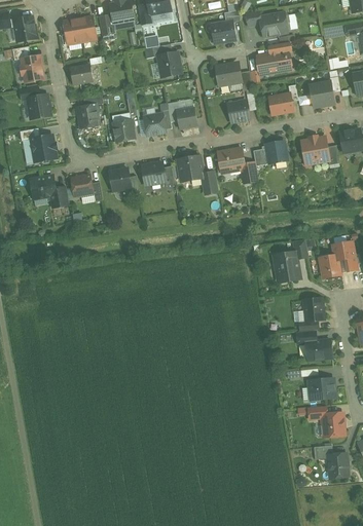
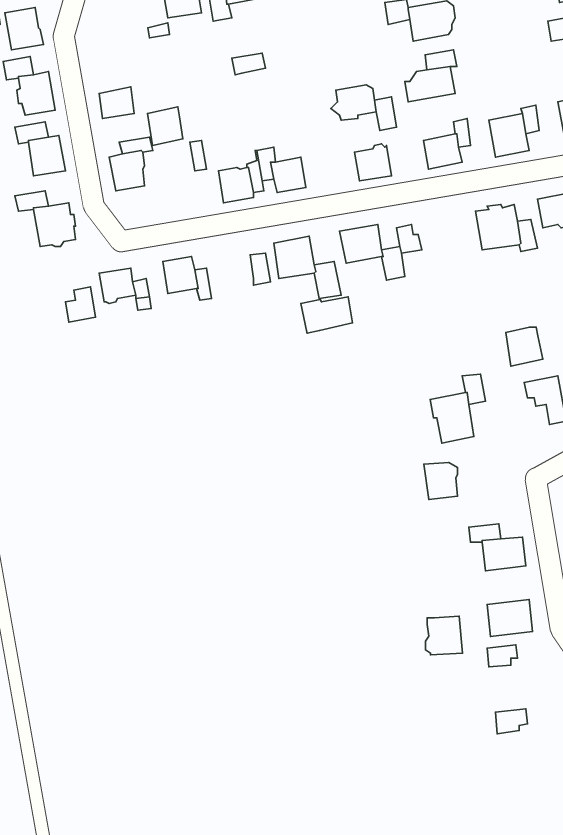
building: [63,15,96,43] -> none
building: [212,21,234,42] -> none
building: [157,51,180,76] -> none
building: [112,118,134,142] -> [148,107,183,146]
building: [260,141,286,163] -> none
building: [141,161,165,184] -> none
building: [30,176,56,196] -> none
building: none -> [301,297,353,333]
building: [318,254,340,277] -> [506,327,543,366]
building: [302,298,323,321] -> [424,463,457,500]
building: [321,412,343,436] -> [426,616,463,655]
building: [327,452,348,477] -> none

